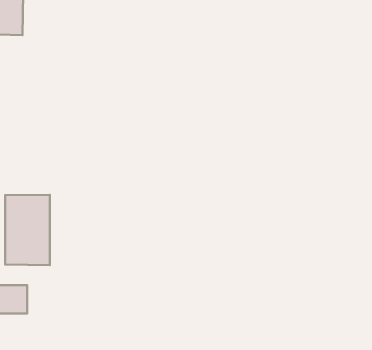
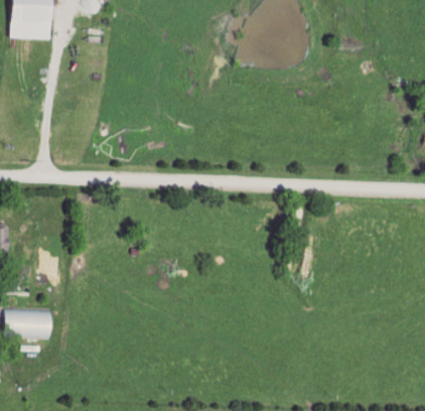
building: [5,195,50,265] -> none

